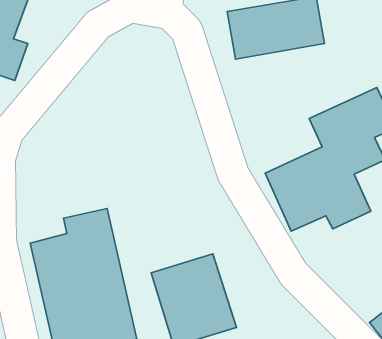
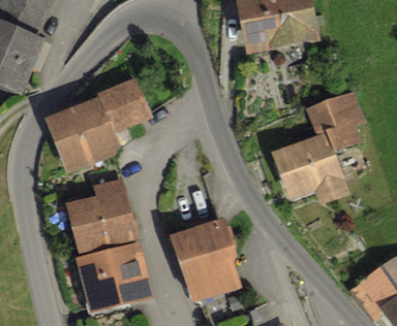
building: none -> [43,79,155,171]

